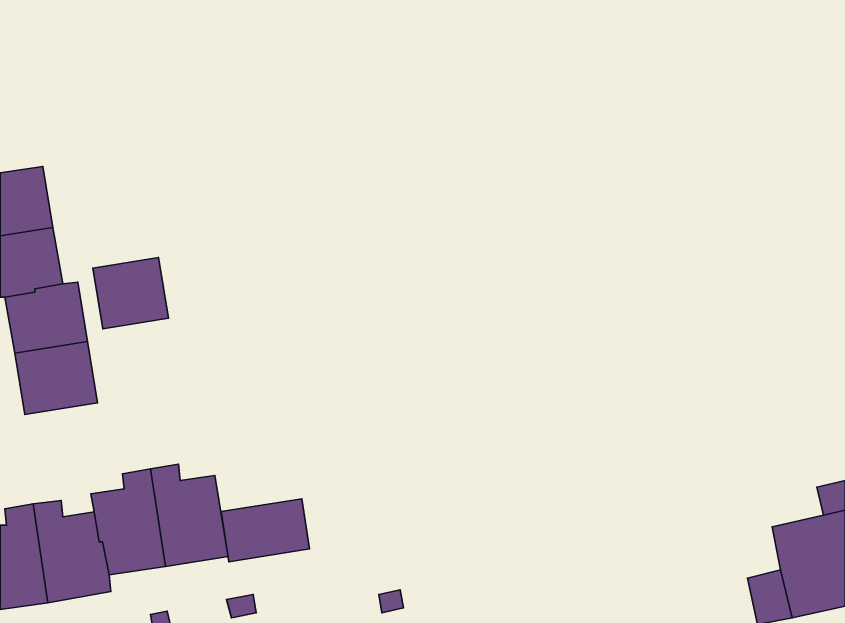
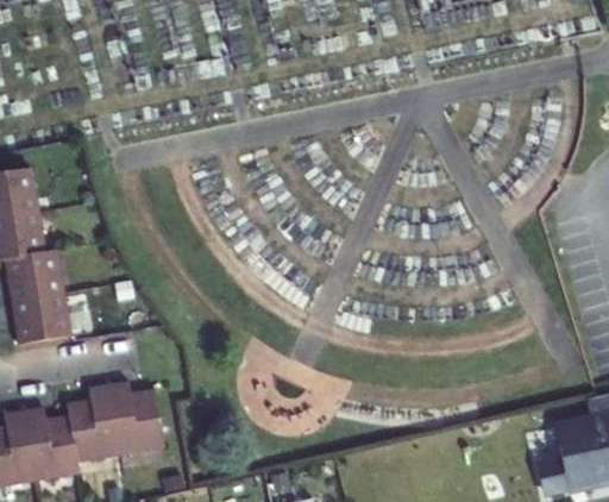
building: [93,257,169,329] -> none
building: [221,499,310,562] -> none

